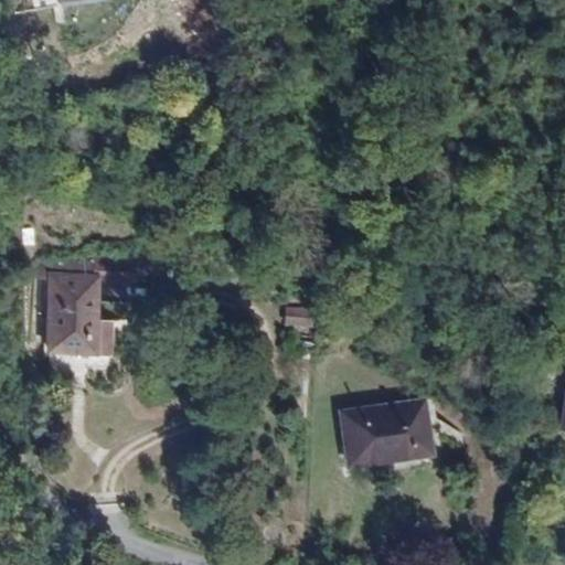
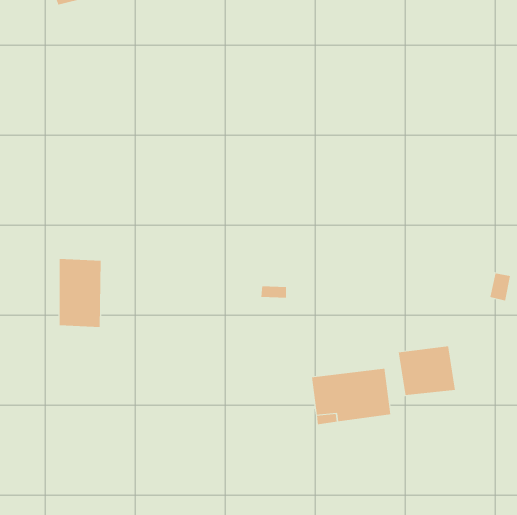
building: none -> [398,345,455,396]

